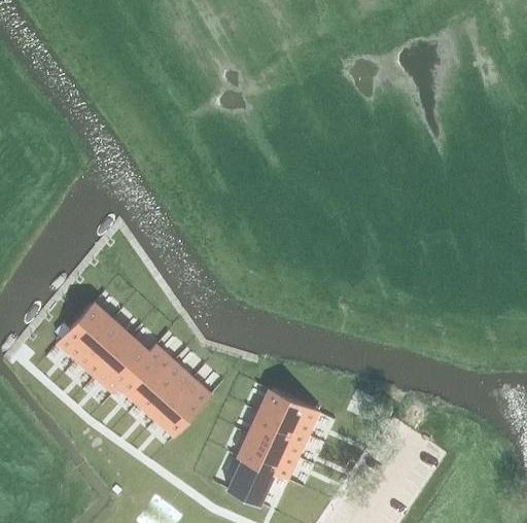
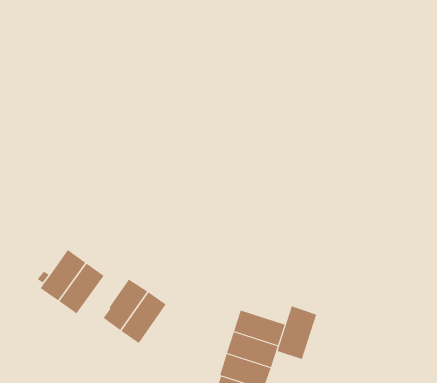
building: [93,338,145,393] -> none
building: [156,377,210,432] -> none
building: none -> [277,305,317,360]

